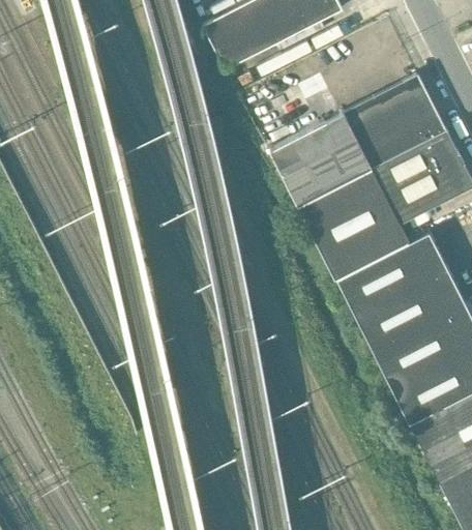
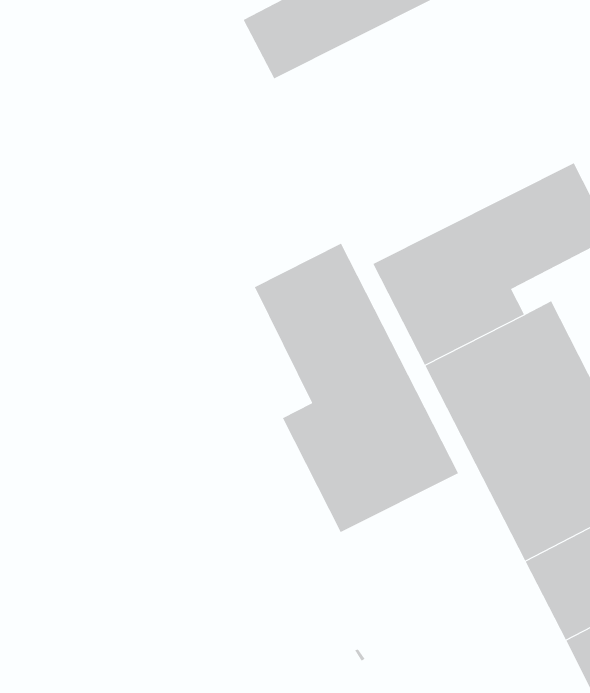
building: [269,75,446,205] -> none
building: none -> [254,243,459,533]

